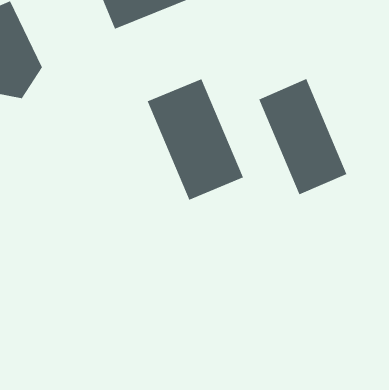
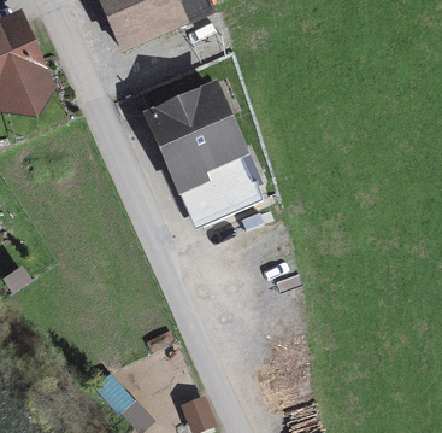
building: [258,78,347,195] -> none

